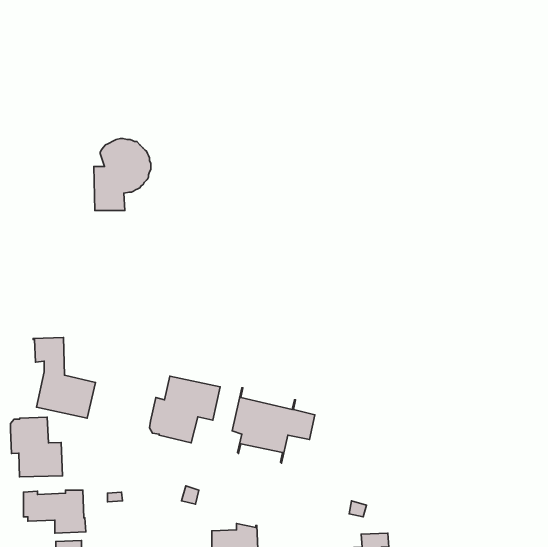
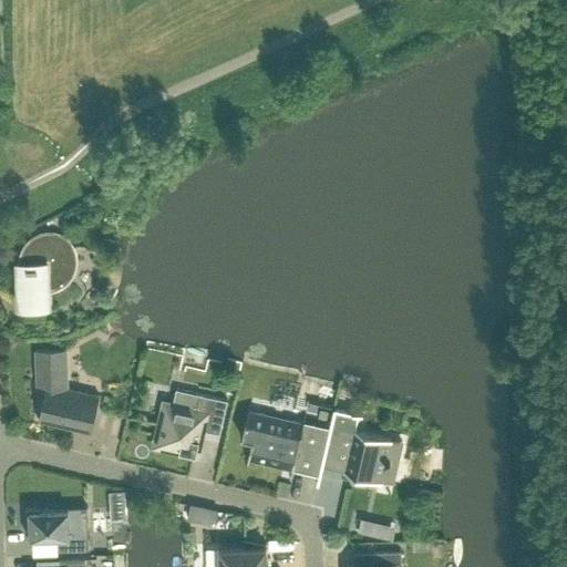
building: [94,138,151,210] -> [17,233,75,307]
building: none -> [316,410,402,485]
building: [11,417,62,477] -> none

